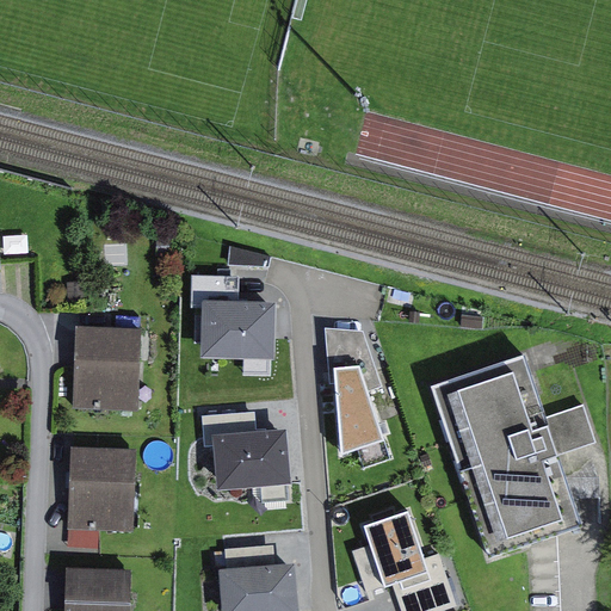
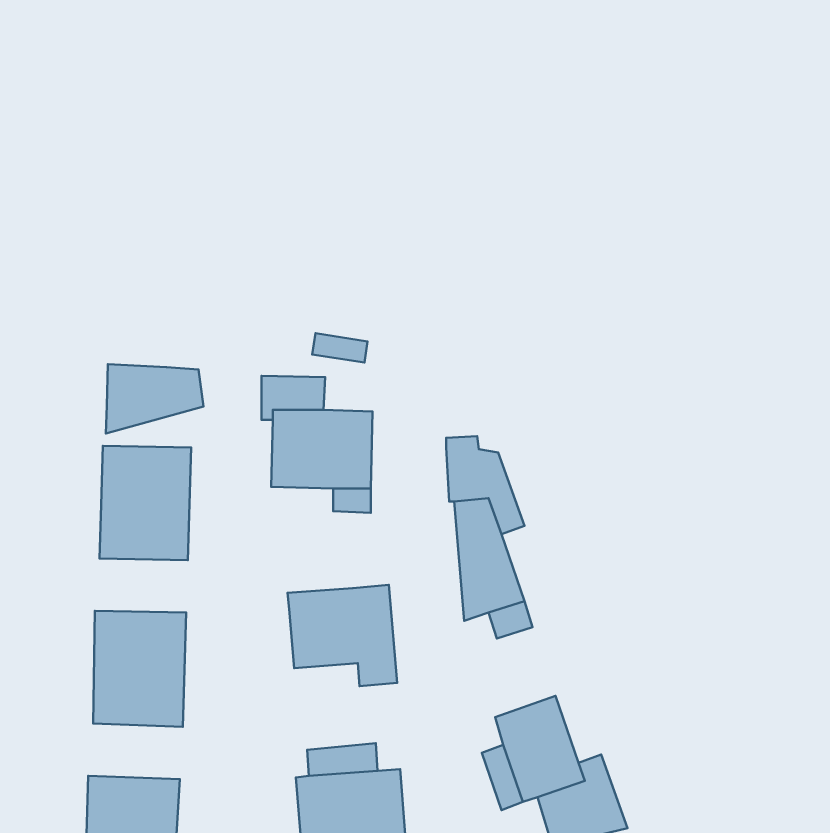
building: none -> [106,364,204,434]
building: [427,353,598,558] -> none
building: [203,412,258,446] -> none

